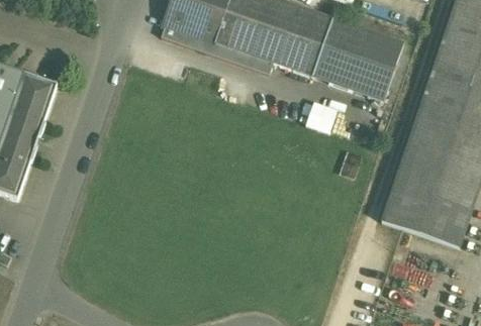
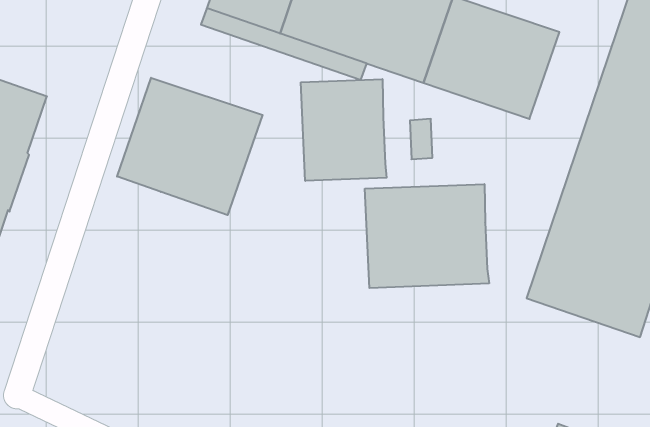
building: none -> [117,78,263,215]
building: none -> [301,79,387,181]
building: none -> [365,184,489,288]

